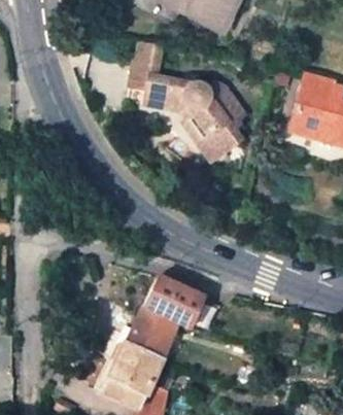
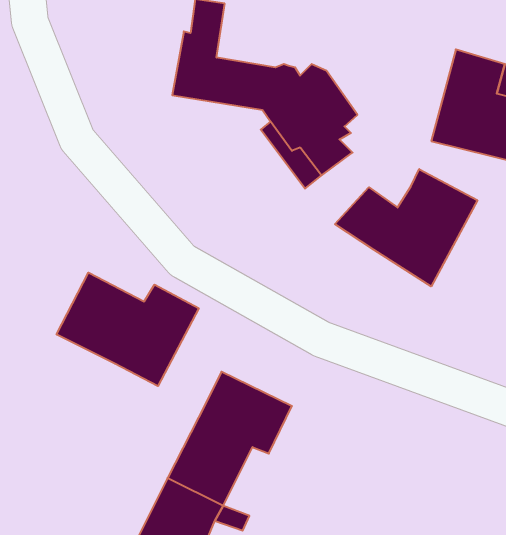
building: none -> [335,169,477,286]
building: none -> [57,273,199,386]

